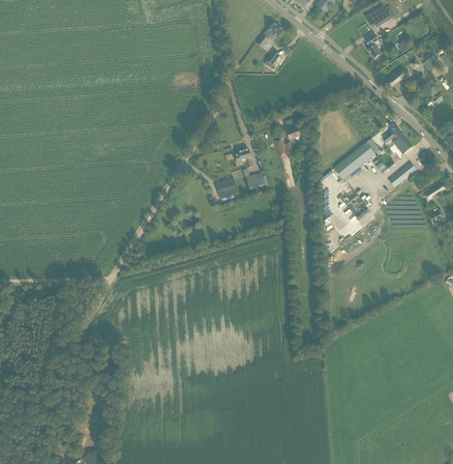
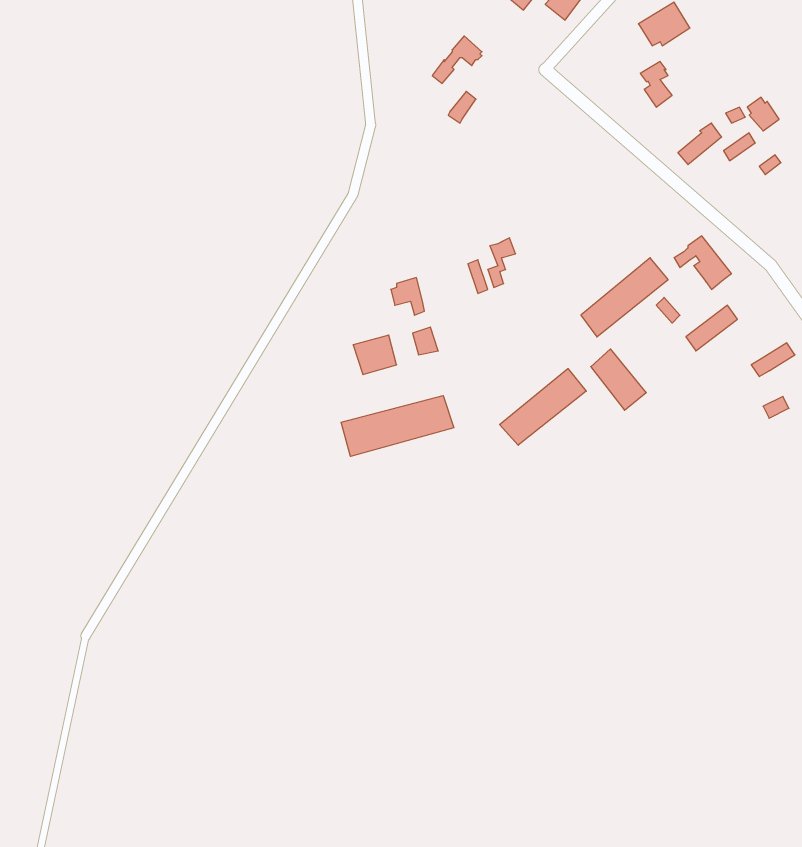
building: none -> [500,369,586,445]
building: none -> [341,396,454,456]

